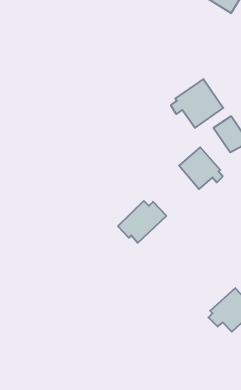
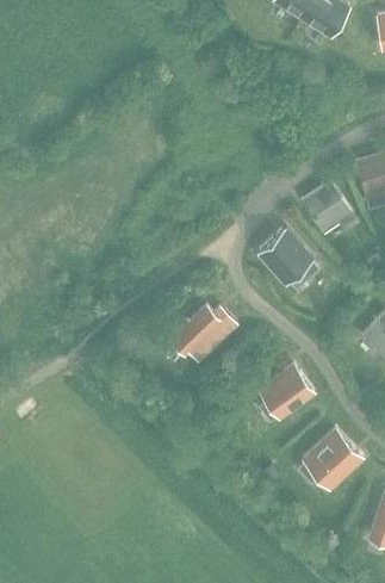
building: [171,79,223,128] -> none
building: none -> [257,362,316,421]

